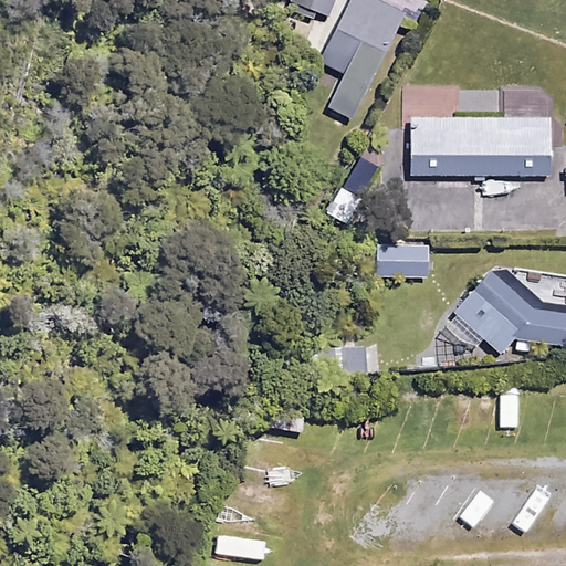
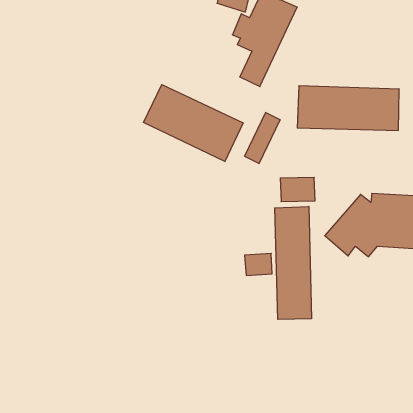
building: none -> [143,85,243,162]
building: none -> [275,206,311,319]

